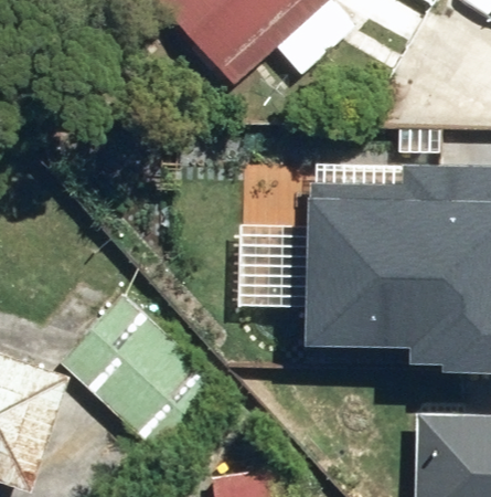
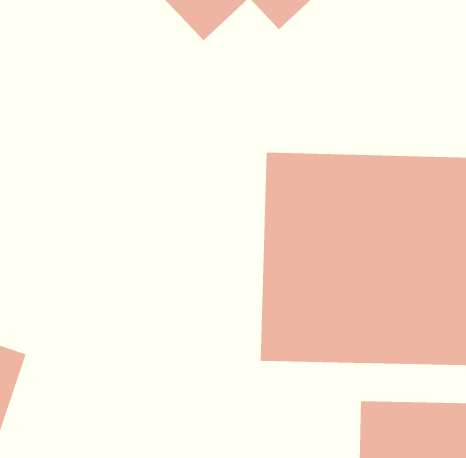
building: [67,289,224,443] -> none

